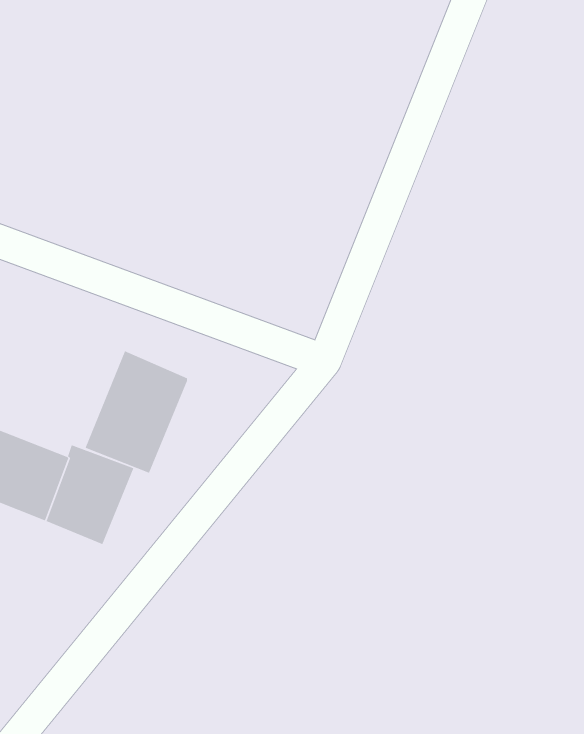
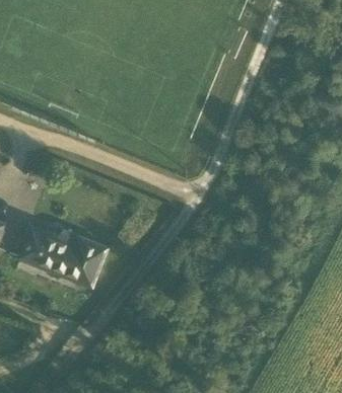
building: [84,350,188,474] -> none

